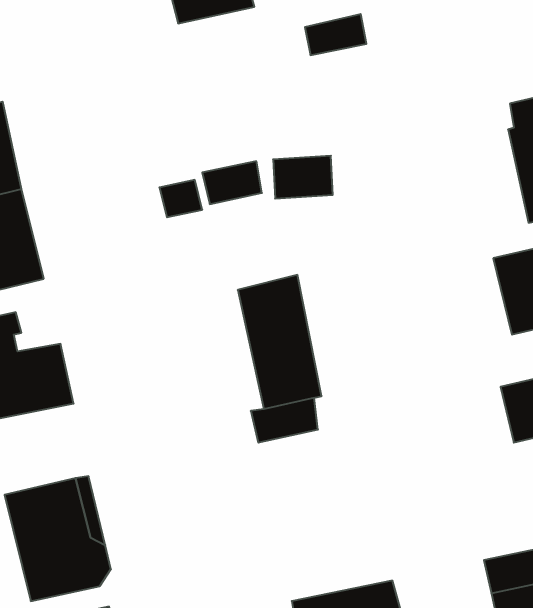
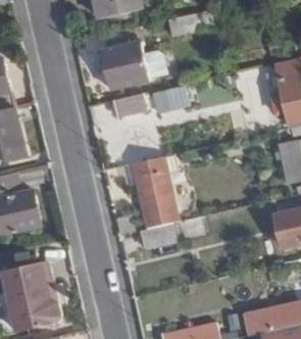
building: none -> [102,41,166,88]

